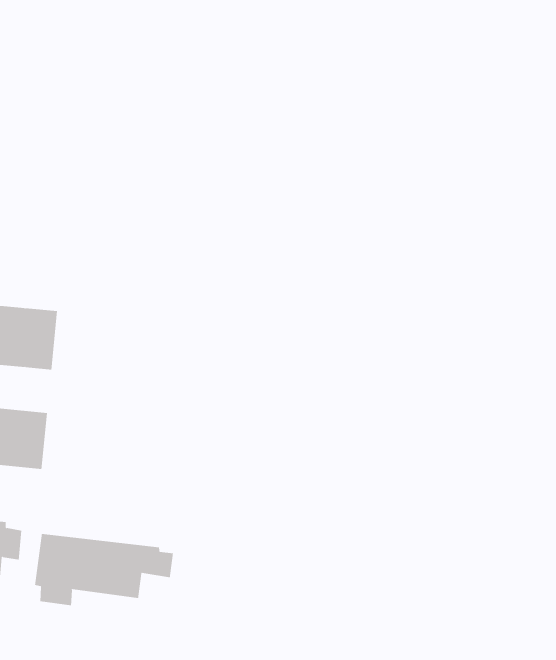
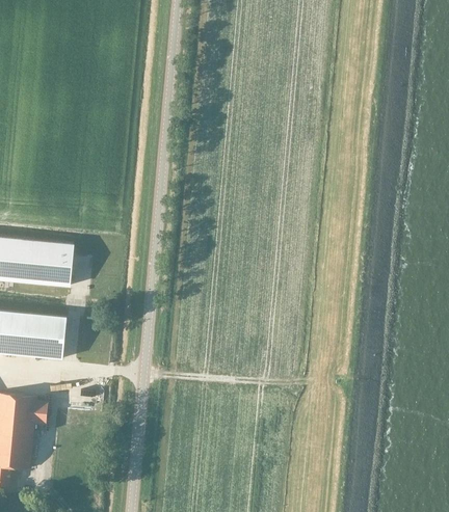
building: [35,533,173,606] -> none

